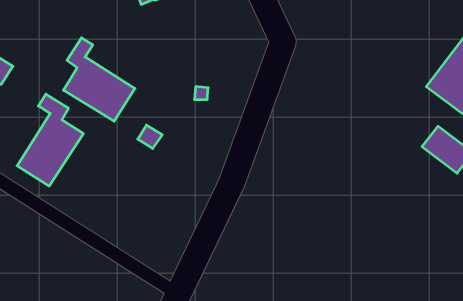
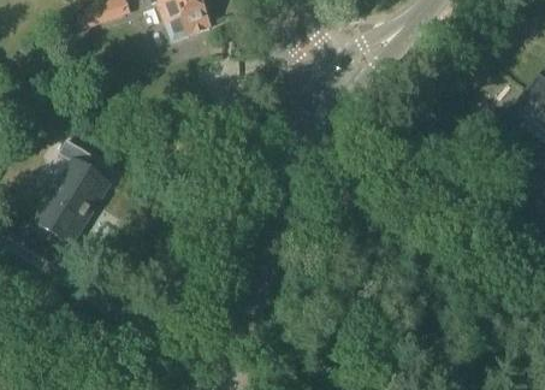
building: [63,38,135,121] -> none

